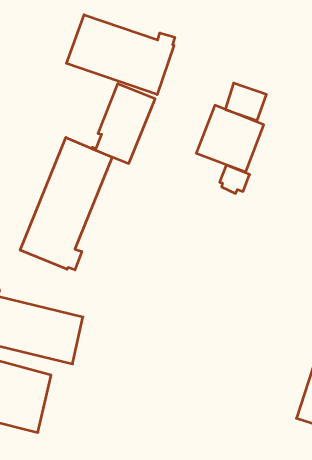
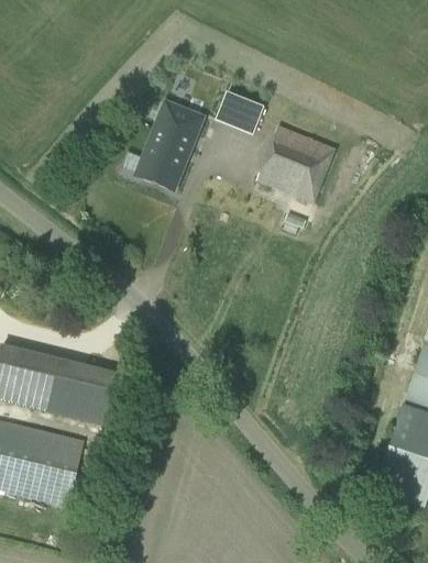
building: [66,15,175,95] -> none
building: [225,83,266,121] -> [221,89,270,133]
building: [20,137,112,270] -> none

